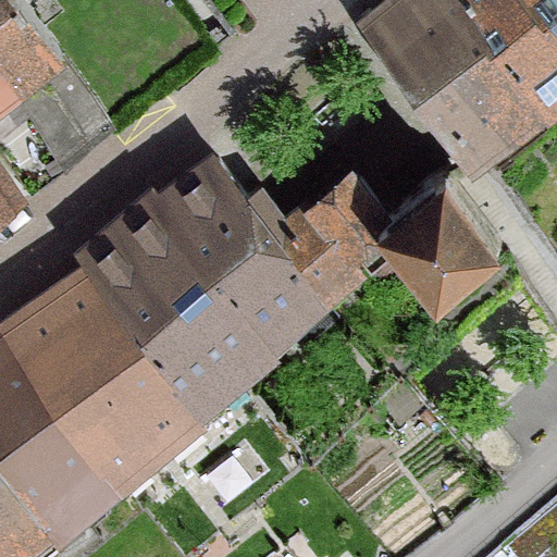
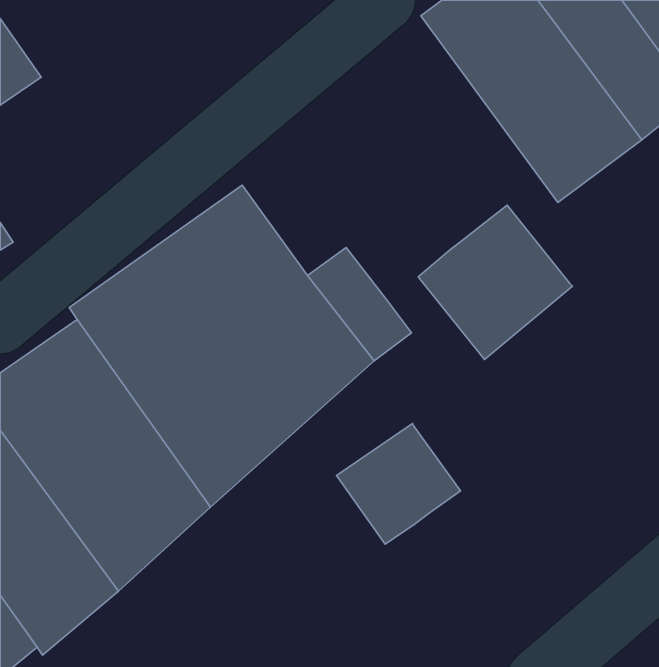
building: [300,172,386,257] -> none
building: none -> [337,424,460,544]

